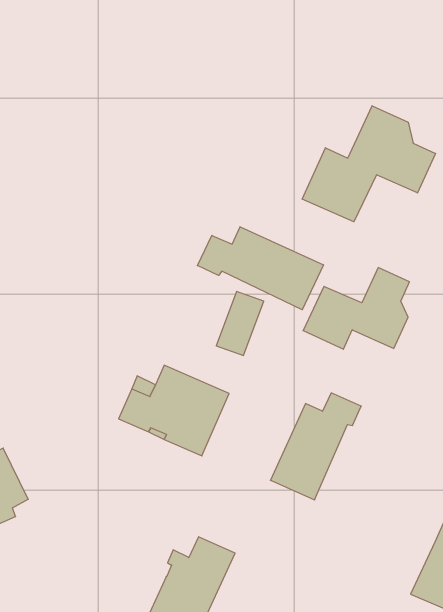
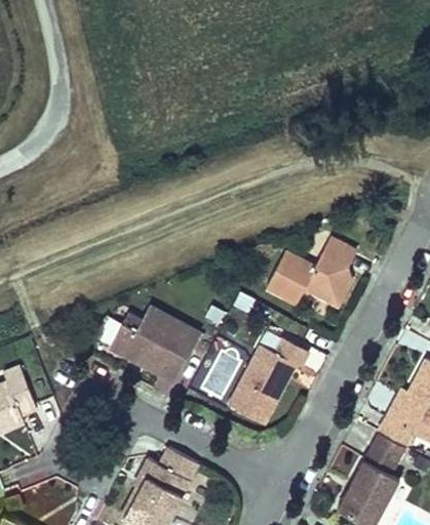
building: [302,106,435,222] -> none
building: [197,227,323,310] -> none
building: [216,292,264,355] -> [199,347,240,399]

